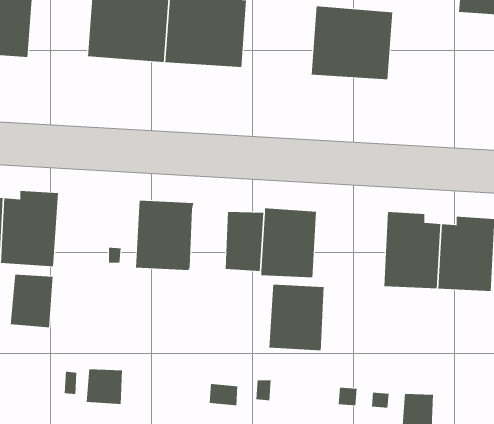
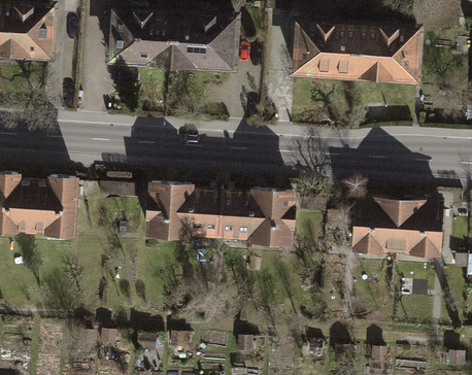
building: none -> [355,23,424,83]
building: none -> [189,187,220,238]
building: [10,274,53,328] -> none
building: [269,284,324,351] -> none

